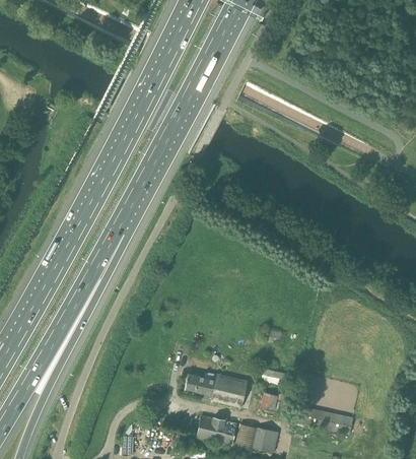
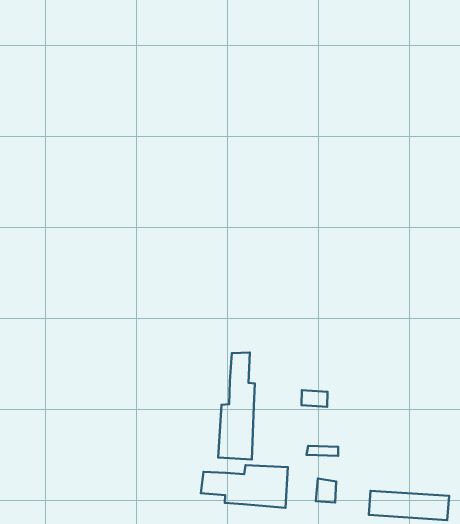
building: none -> [218,352,255,459]

